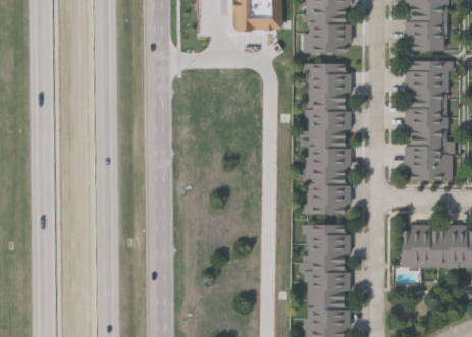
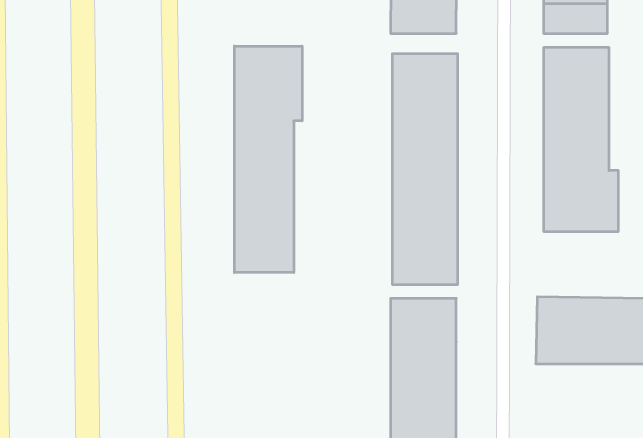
building: none -> [234,46,302,273]

